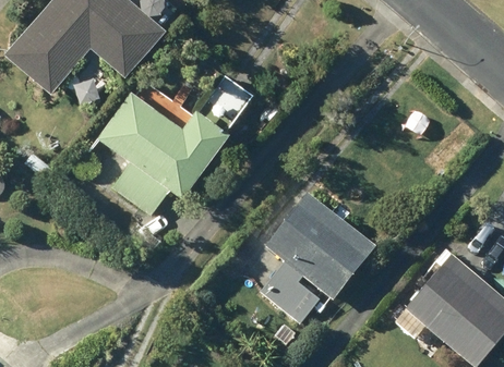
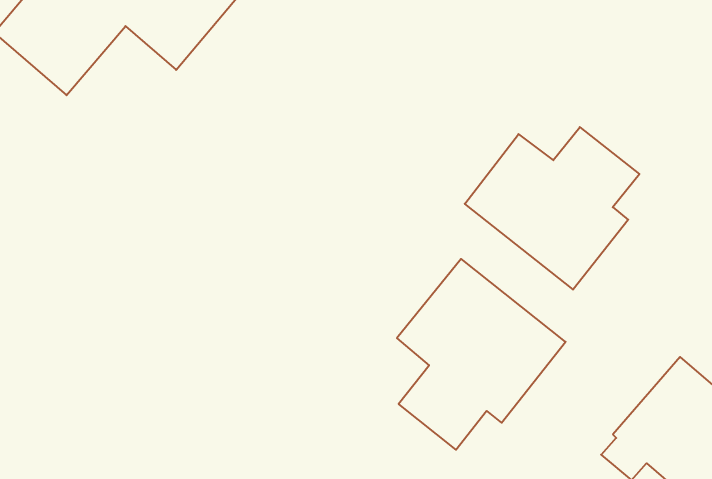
building: [98,75,252,213] -> none
building: none -> [465,127,639,290]

